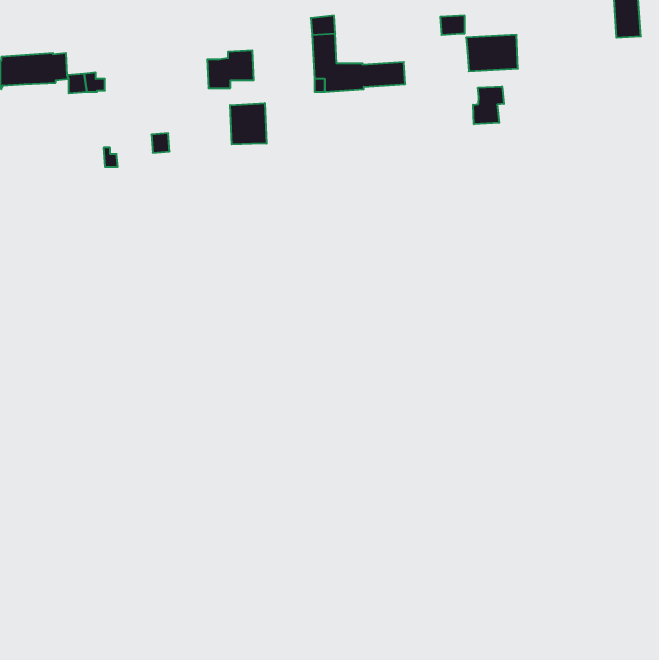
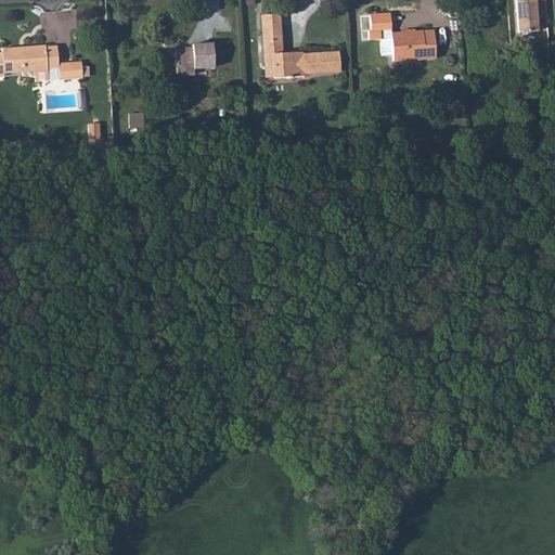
building: [473,86,504,124] -> none
building: [230,103,267,144] -> none

